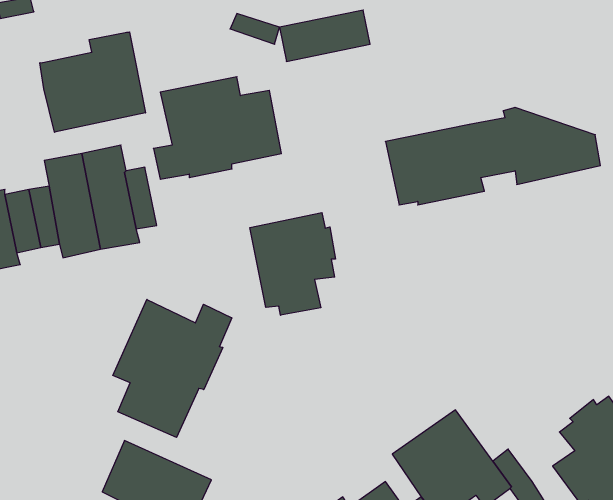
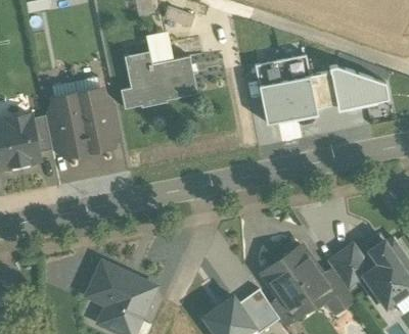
building: [280,10,370,61] -> [255,55,309,86]
building: [40,32,145,132] -> none
building: [250,213,335,315] -> none
building: [113,299,232,437] -> none
building: none -> [330,244,372,289]

